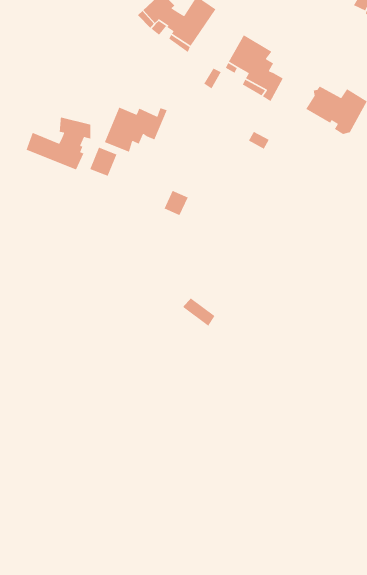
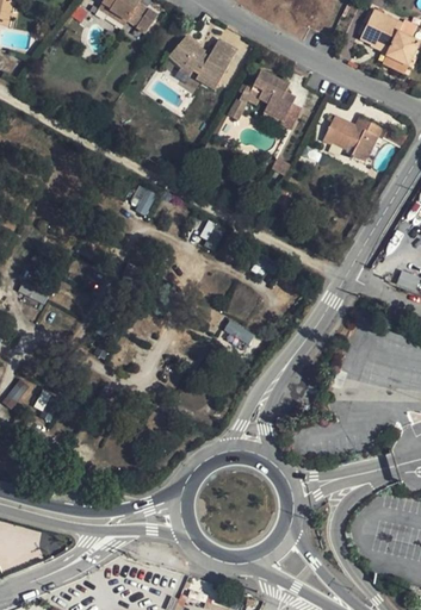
building: [104,106,168,153] -> none
building: [25,117,91,171] -> none

